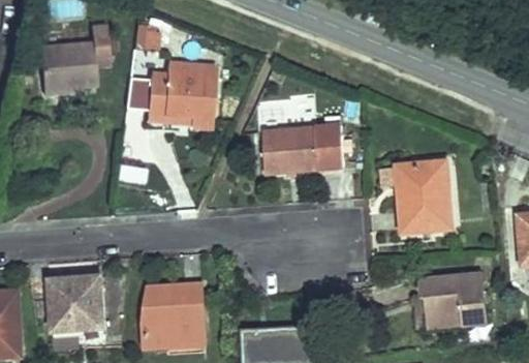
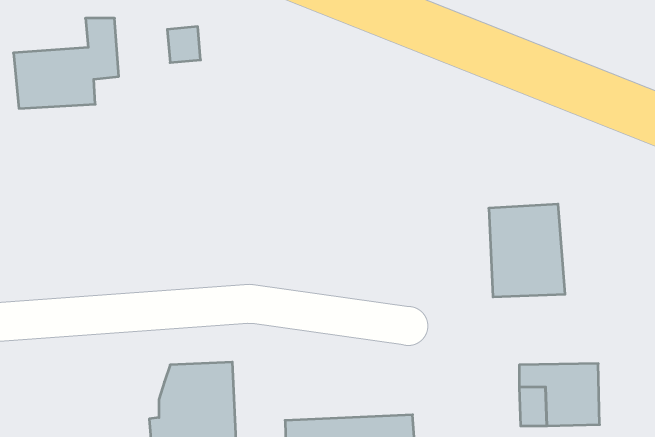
building: [148,61,219,122] -> none
building: [261,124,345,170] -> none
building: [46,272,100,329] -> none

